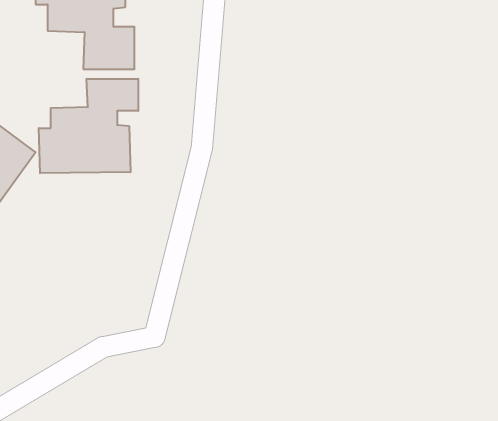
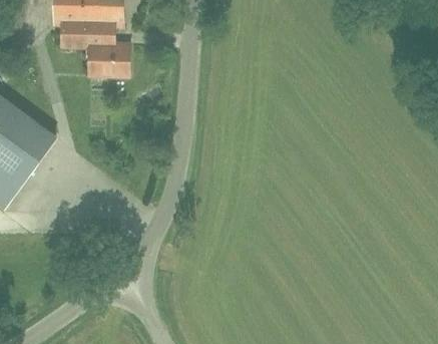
building: [39,79,138,173] -> none

